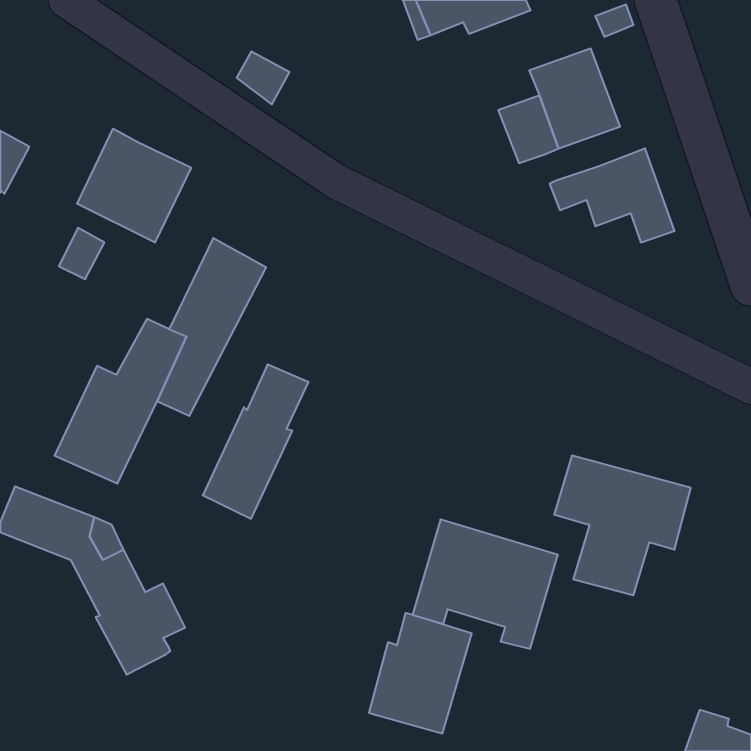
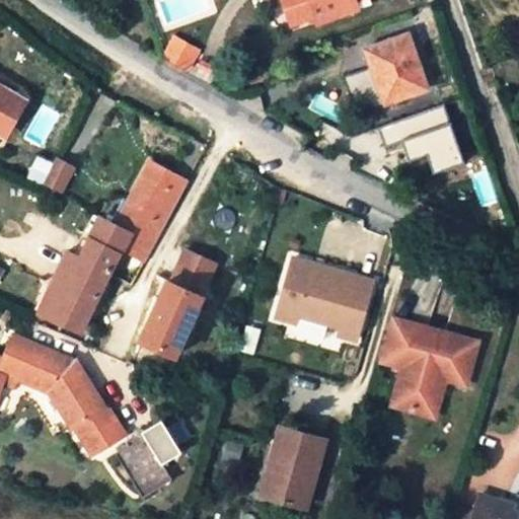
building: [77,129,191,243] -> none
building: [412,519,558,649] -> [274,255,374,345]
building: none -> [115,423,175,495]

